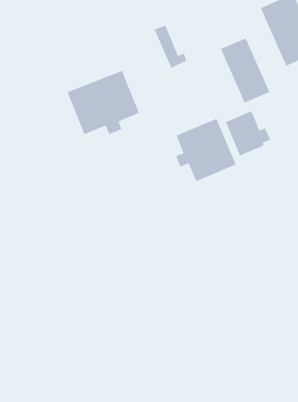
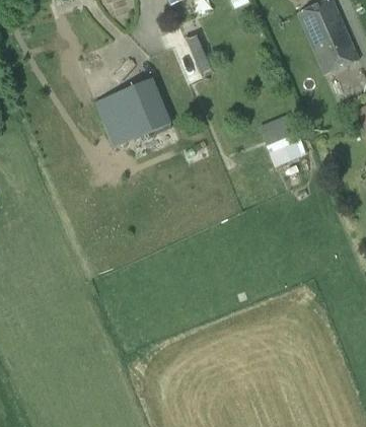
building: [220,37,271,104] -> none
building: [175,118,237,182] -> none

